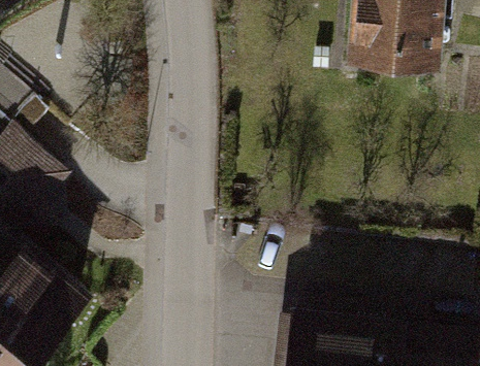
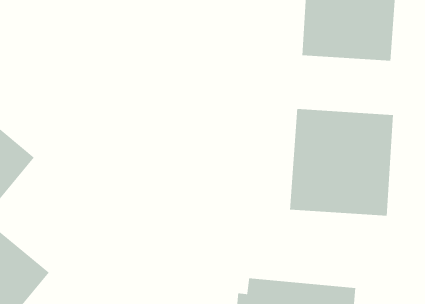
building: none -> [289,108,394,217]

